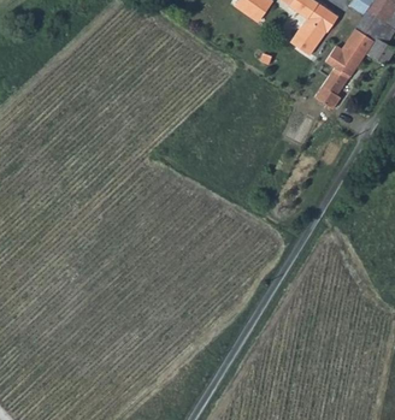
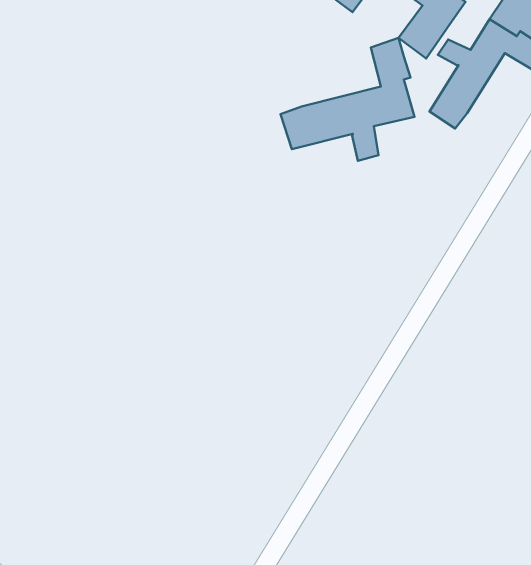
building: none -> [281,38,414,161]

